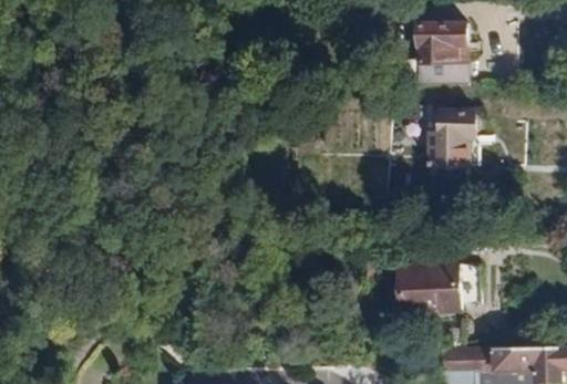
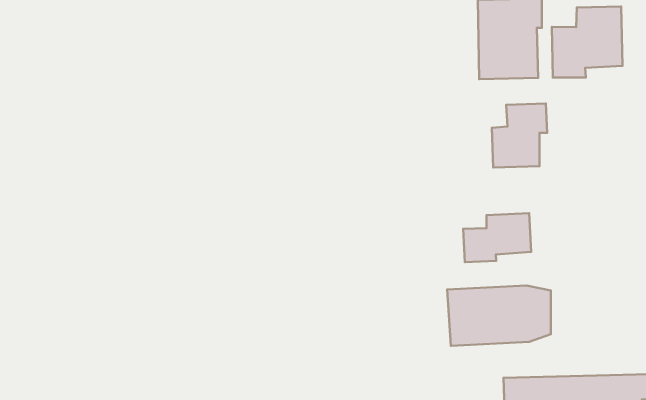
building: none -> [552,7,622,78]
building: none -> [463,213,531,262]

